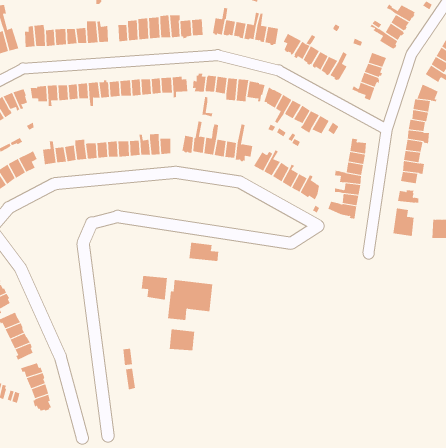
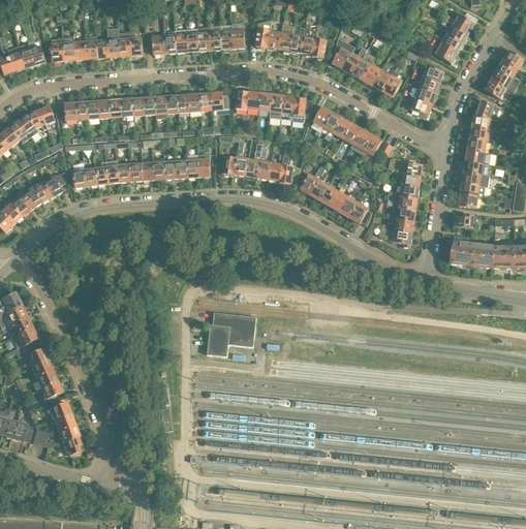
building: none -> [472,244,494,267]
building: [189,242,219,262] -> none
building: [141,275,168,300] -> none
building: [169,329,195,351] -> none

